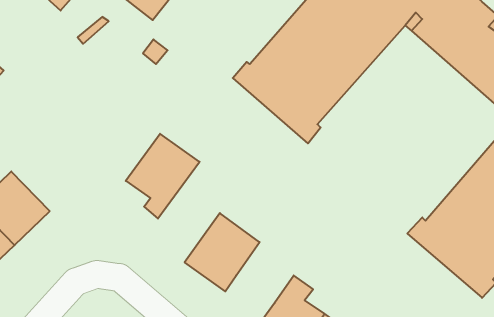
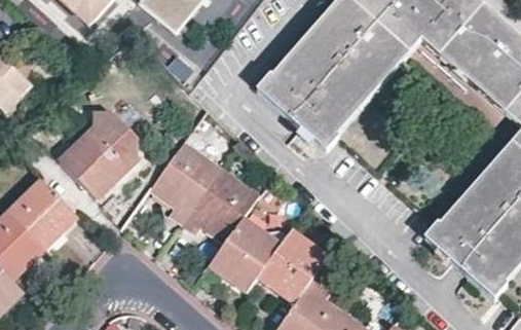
building: none -> [60,112,140,198]
building: none -> [183,168,259,240]
building: none -> [258,229,328,303]

